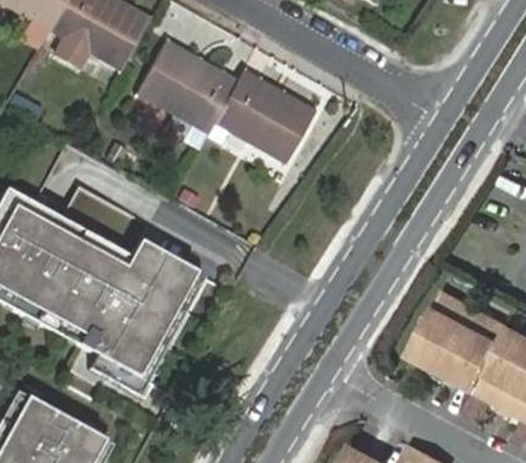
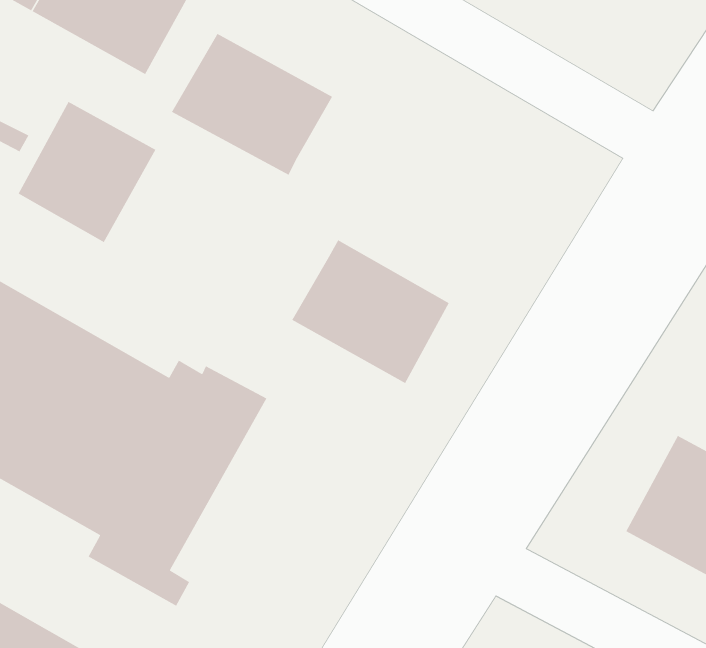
building: [216,74,316,164] -> [291,239,450,384]
building: none -> [17,101,157,243]

